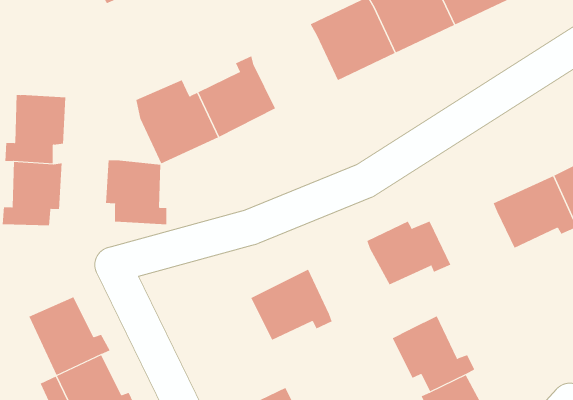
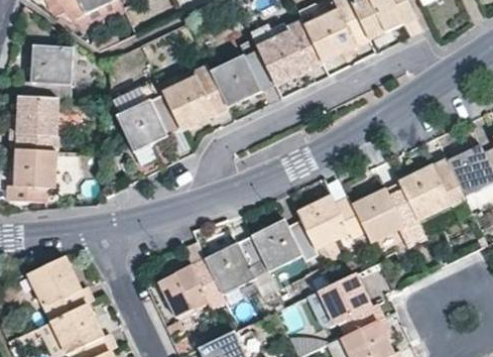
building: none -> [21,45,71,99]
building: none -> [208,48,274,107]
building: [106,159,167,225] -> none
building: none -> [352,190,418,241]
building: none -> [251,219,319,271]
building: none -> [157,258,224,316]

